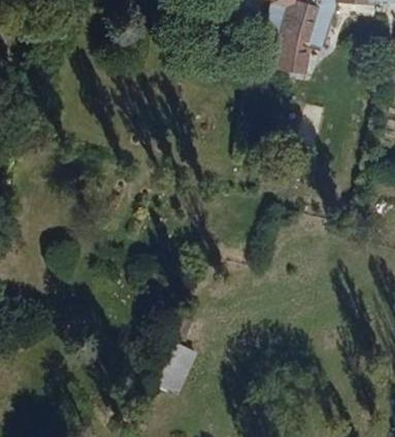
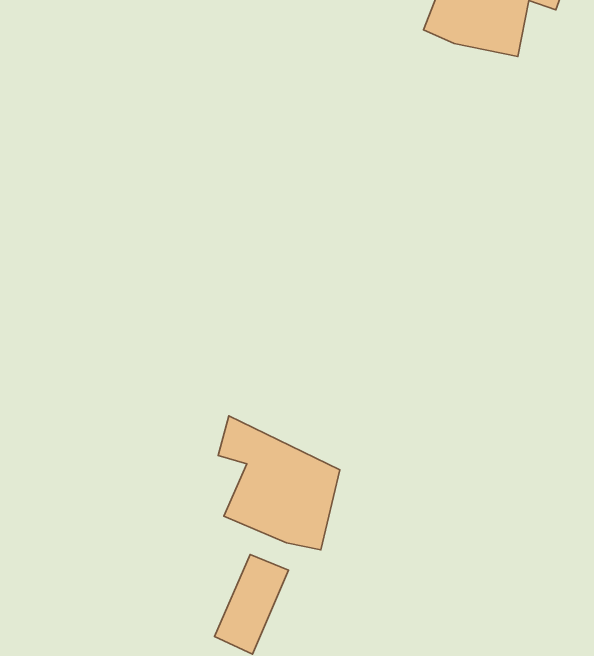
building: none -> [218,416,340,550]

